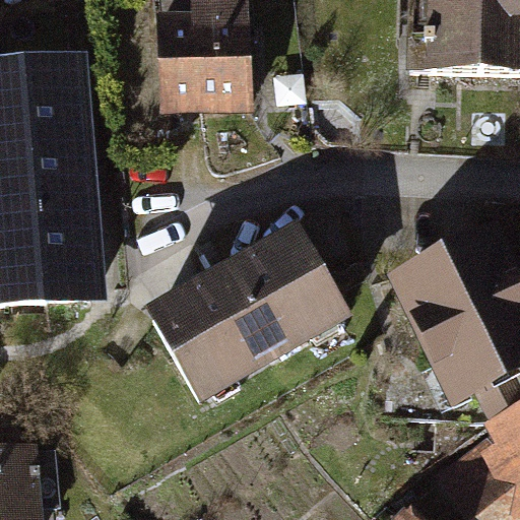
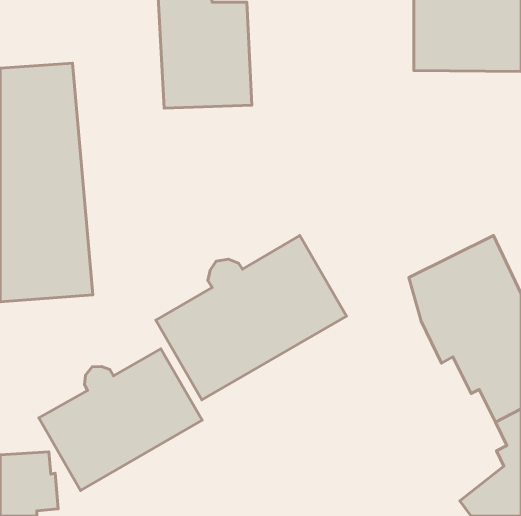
building: none -> [39,349,202,490]

